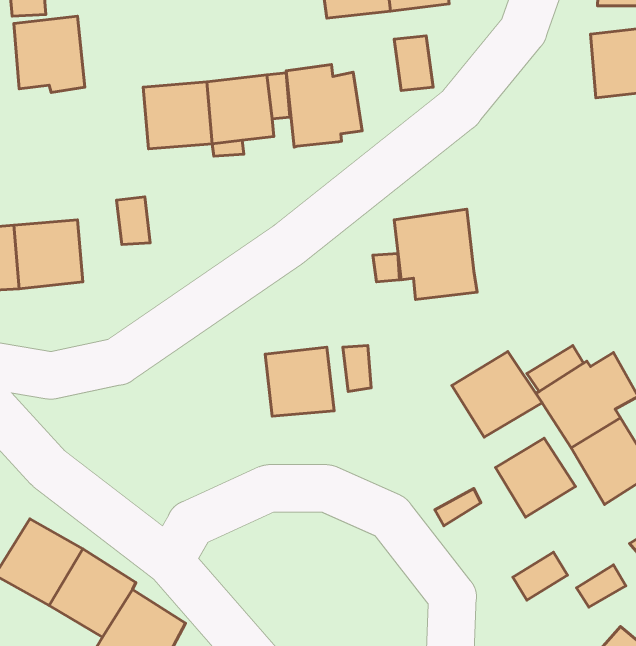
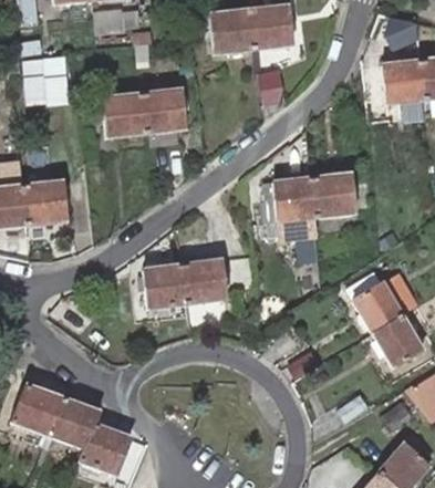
building: [286,64,362,147] -> none
building: none -> [307,173,351,215]
building: [452,352,542,437] -> none
building: none -> [141,267,185,310]
building: [495,438,575,517] -> none

